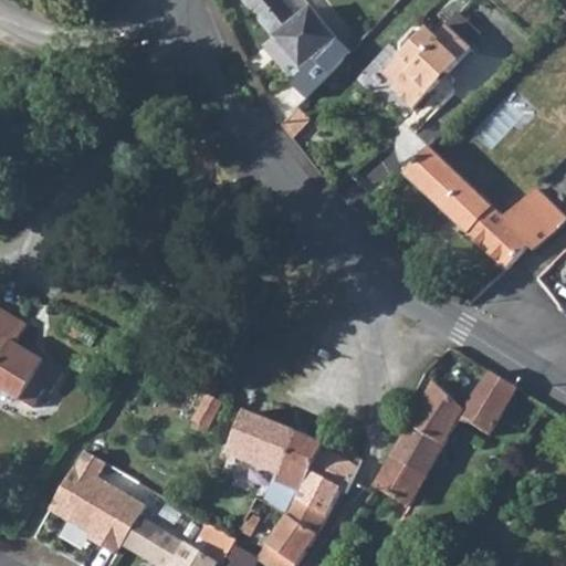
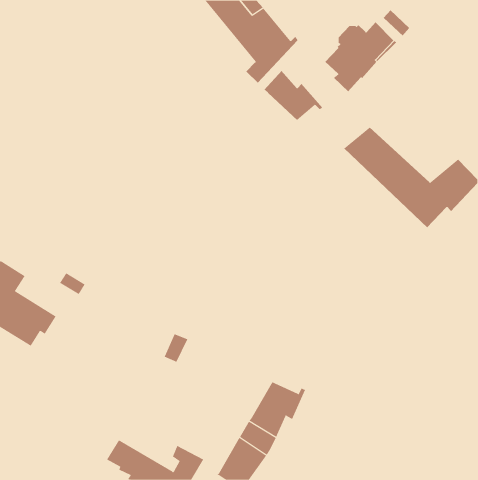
building: none -> [264,70,323,121]
building: [375,373,516,505] -> none
building: [226,409,322,491] -> none
building: [49,450,145,558] -> none

